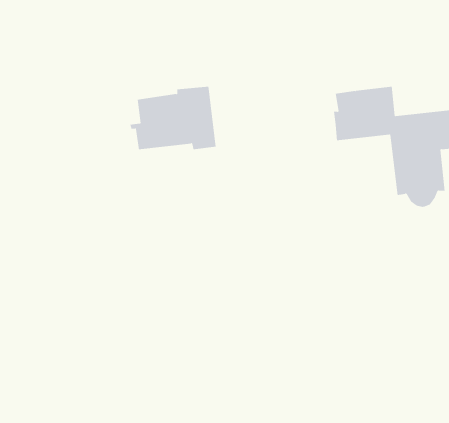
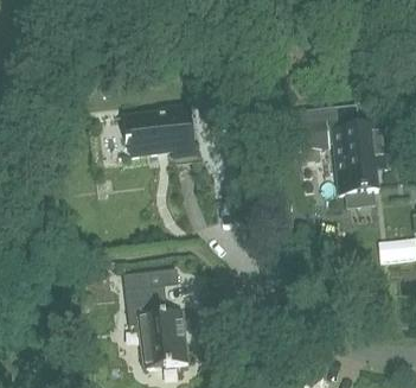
building: none -> [124,267,188,367]

